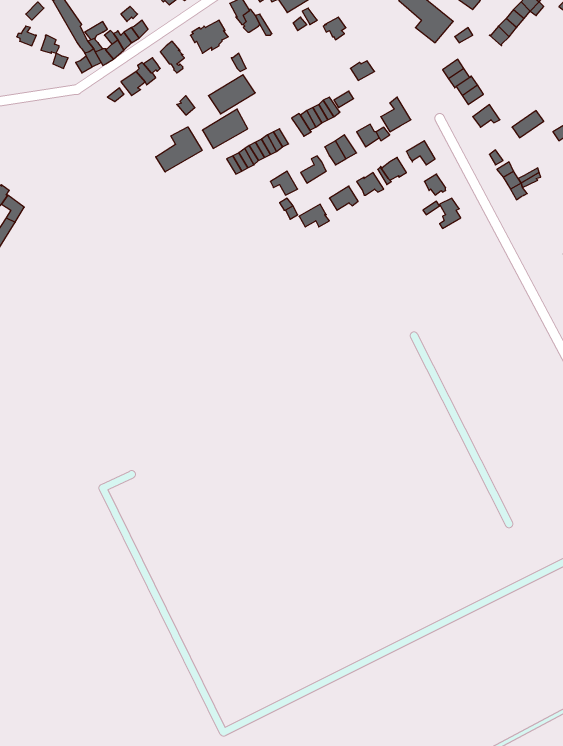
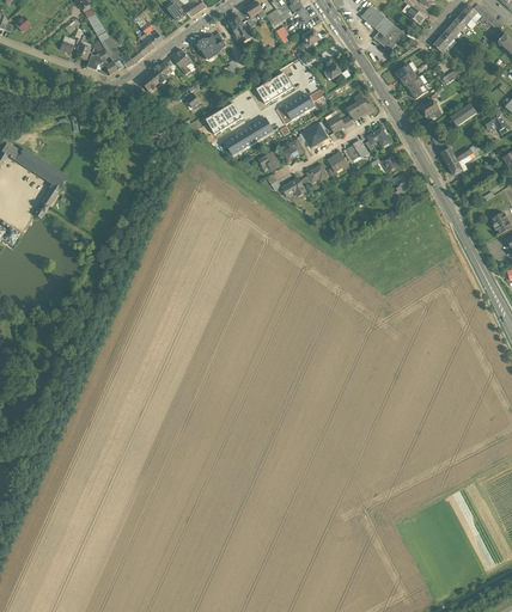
building: [208,75,255,114] -> [255,72,292,103]
building: [156,127,202,172] -> none

